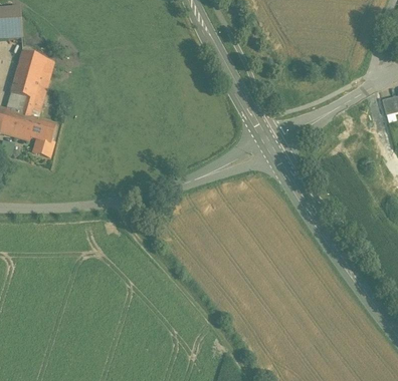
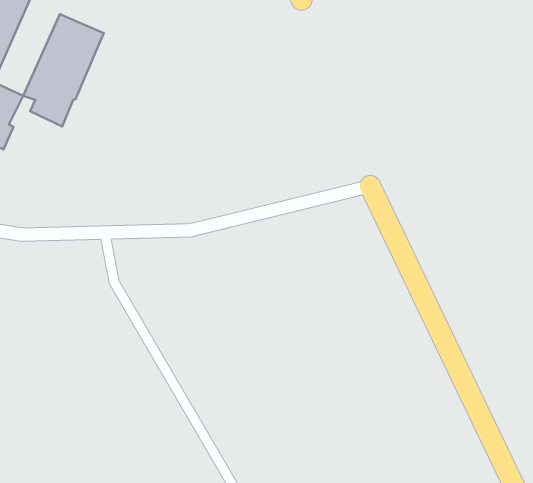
building: none -> [23,14,104,126]

